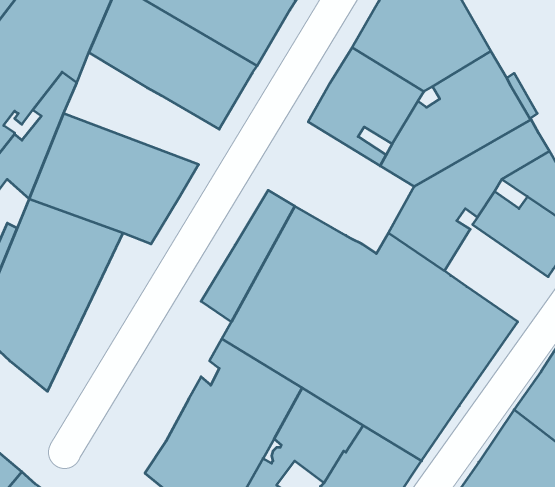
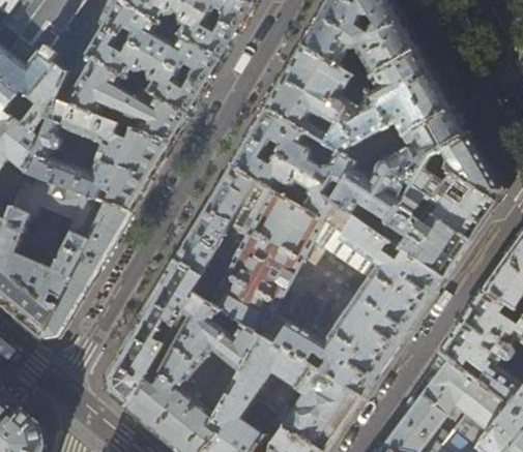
building: none -> [55,51,187,146]
building: none -> [229,110,353,221]
building: none -> [379,197,467,279]
building: none -> [41,204,129,339]
building: none -> [104,262,198,408]

